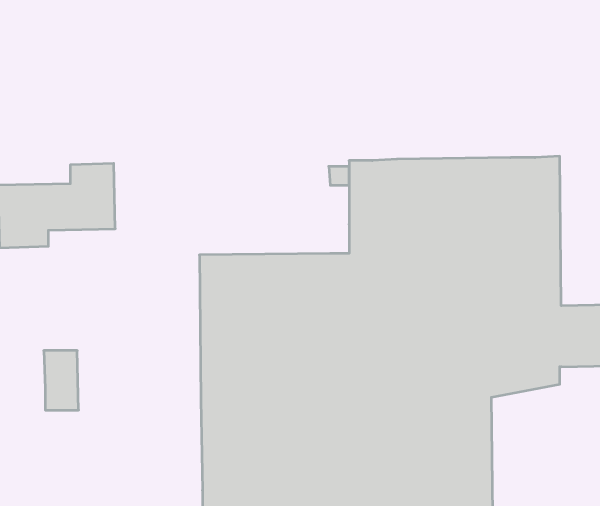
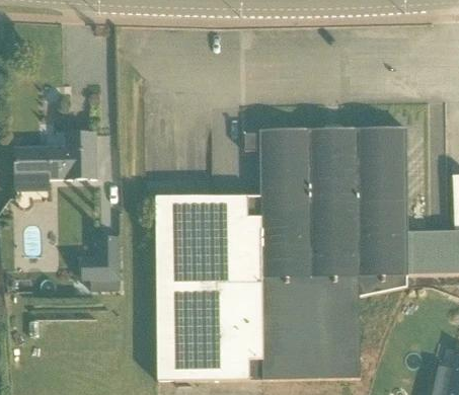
building: [44,351,79,410] -> [94,236,119,278]

